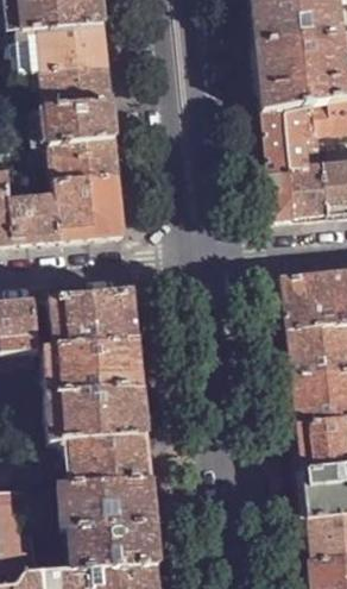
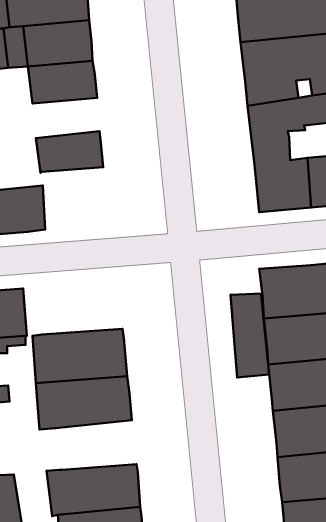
building: [43,101,112,143] -> none
building: [52,173,121,237] -> none
building: [48,290,135,345] -> none
building: none -> [230,294,269,378]
building: [67,433,150,484] -> none

